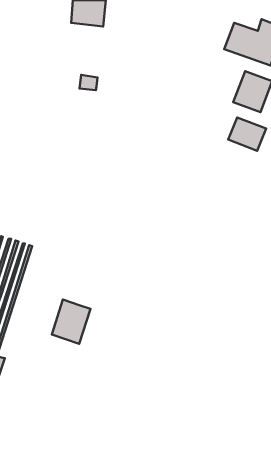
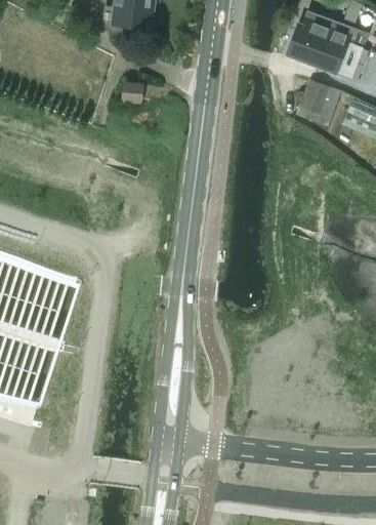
building: [228,117,266,151] -> none
building: [52,300,90,344] -> none

